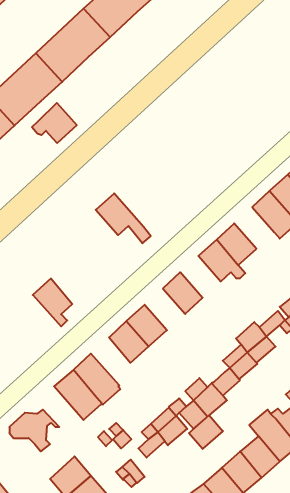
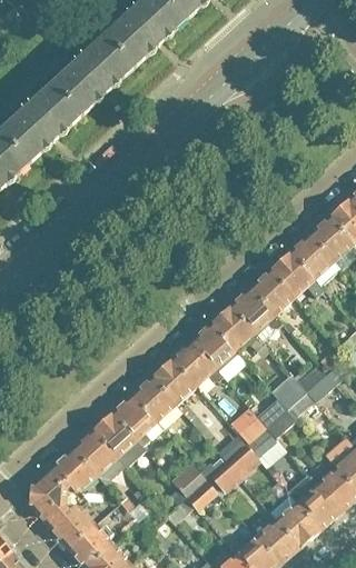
building: [32,103,77,143] -> none
building: [96,193,151,243] -> [211,303,271,358]
building: none -> [270,250,325,297]
building: [33,279,72,326] -> [113,392,157,445]
building: none -> [172,339,224,385]
building: none -> [230,406,266,441]
building: none -> [41,446,98,490]
building: [189,415,223,449] -> none
building: none -> [29,502,96,547]

